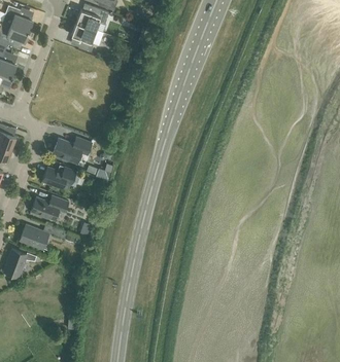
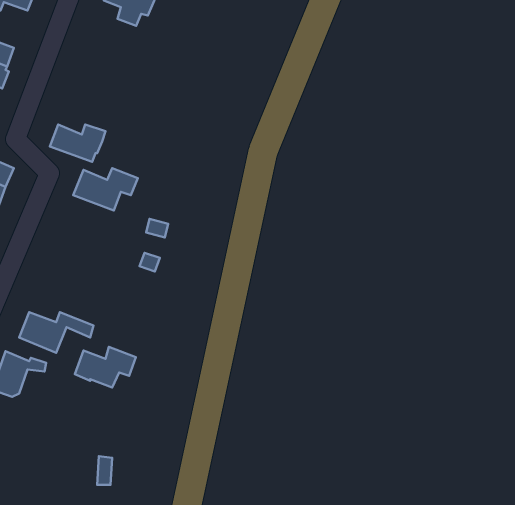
building: [42,167,76,189] -> [50,124,106,162]
building: [31,194,68,219] -> [75,347,136,388]

